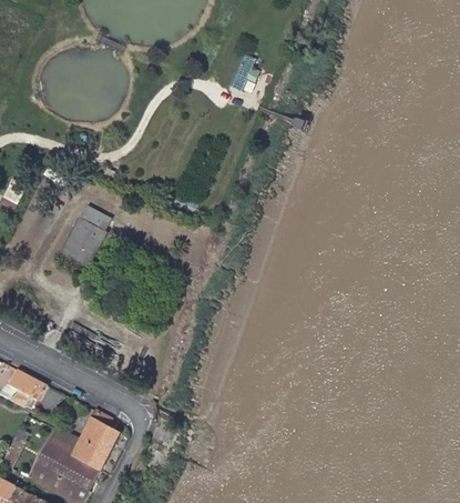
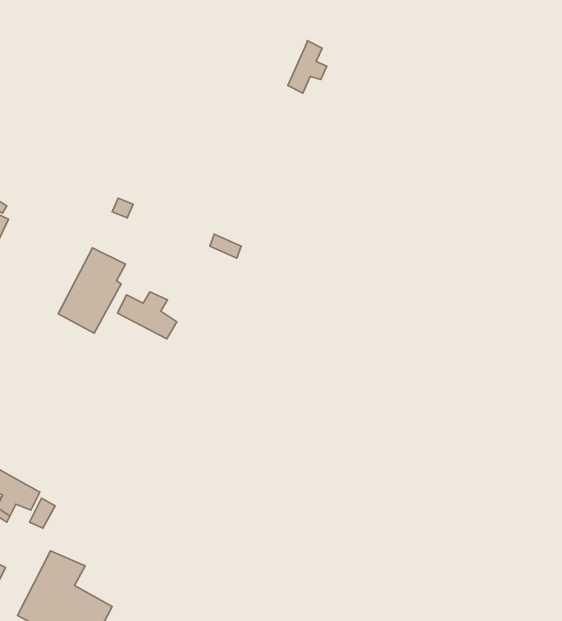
building: none -> [118,292,177,339]
building: [71,410,119,471] -> none

